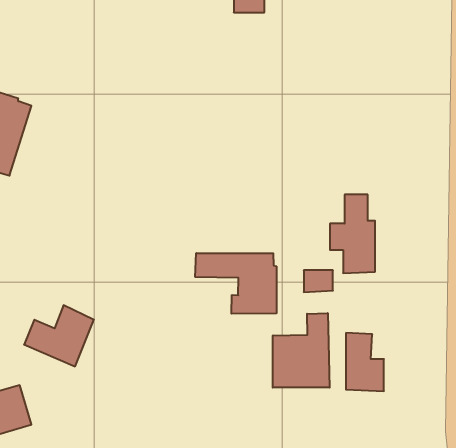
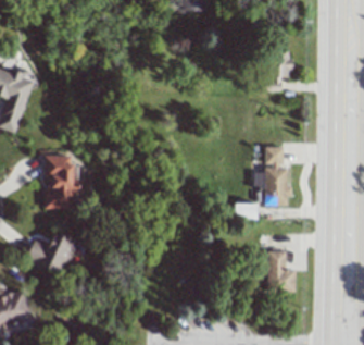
building: none -> [42,156,77,209]
building: [195,253,276,314] -> none
building: [273,313,330,388] -> none

